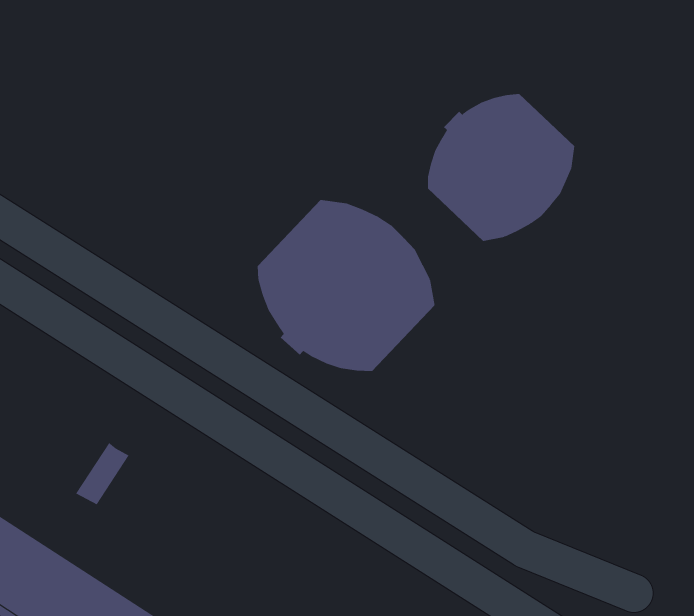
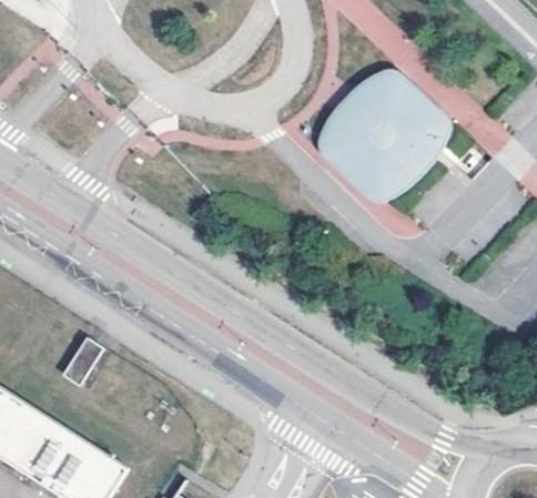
building: [257,199,435,372] -> none

